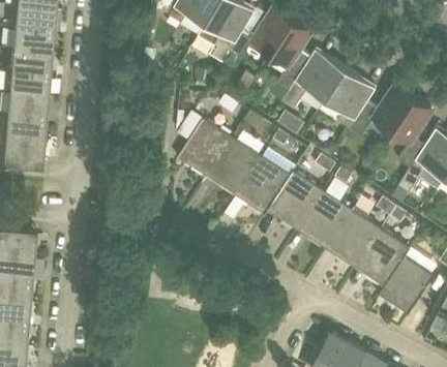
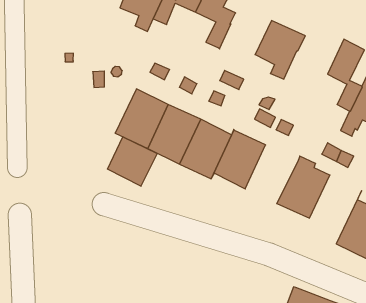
building: [281,49,345,108] -> none
building: [349,84,413,135] -> none
building: none -> [108,137,157,186]
building: [296,189,352,248] -> none
building: [355,227,410,296] -> none

